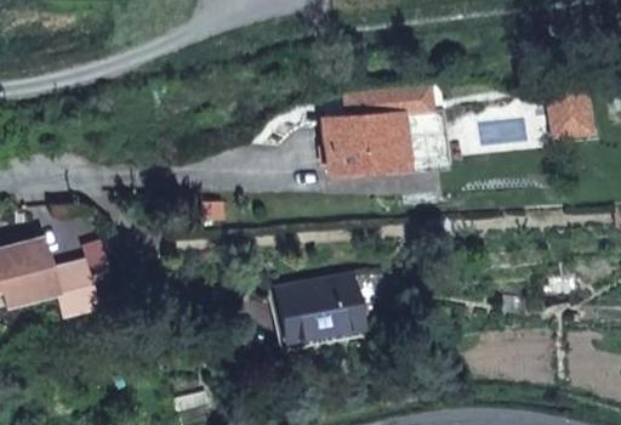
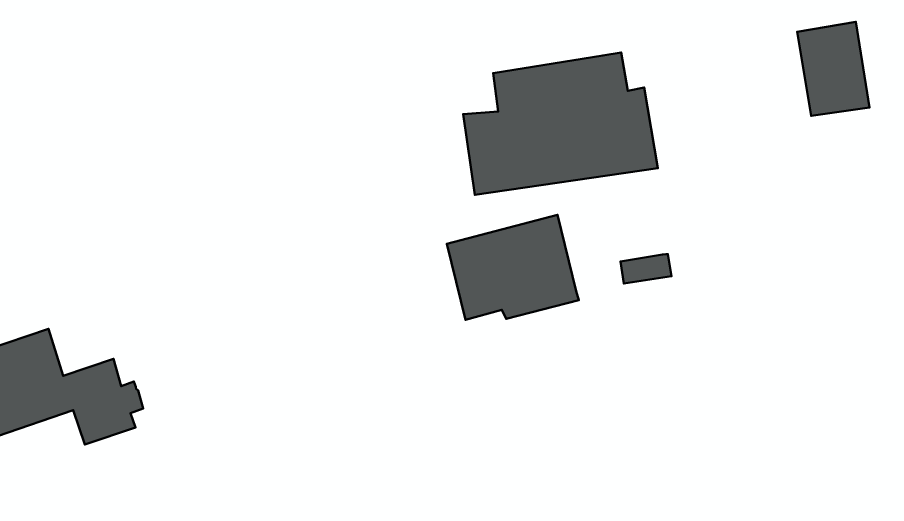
building: [274,277,358,342] -> [447,215,579,320]

